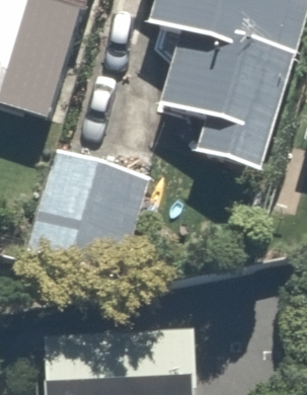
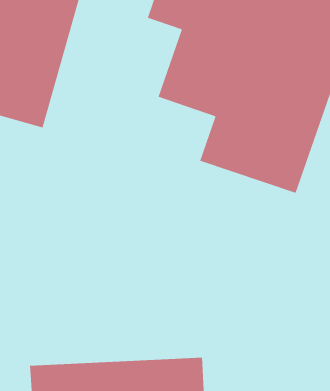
building: [34,145,154,244] -> none

